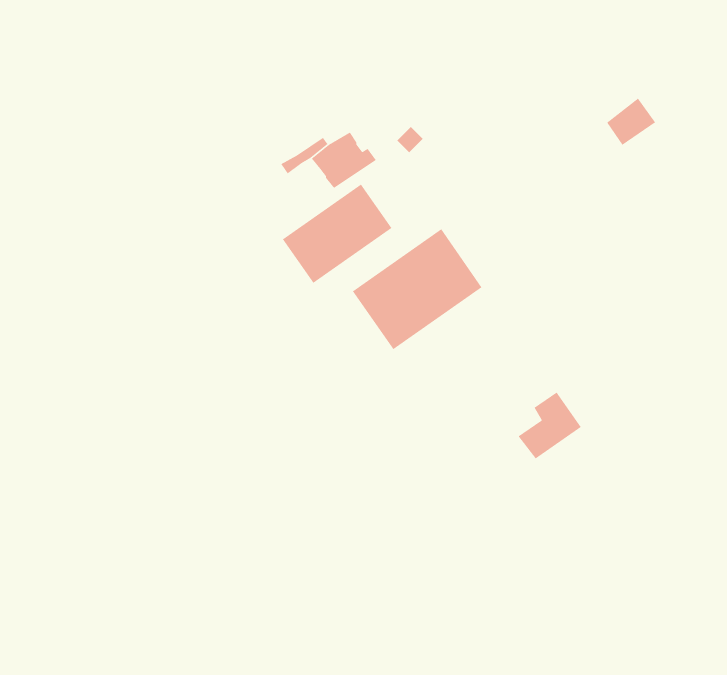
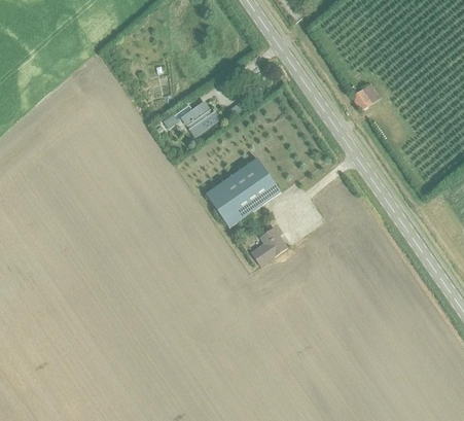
building: [282,184,393,284] -> none
building: [518,391,582,460] -> [251,226,288,266]

